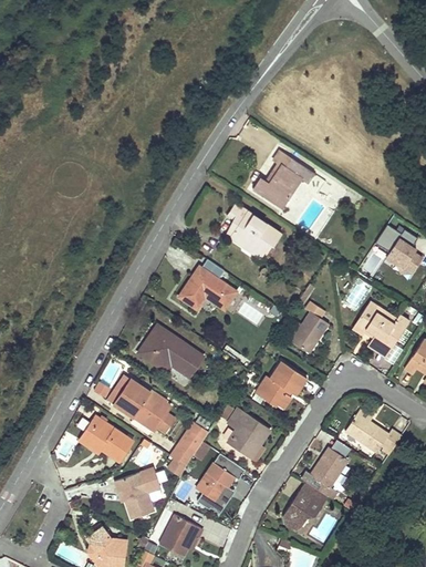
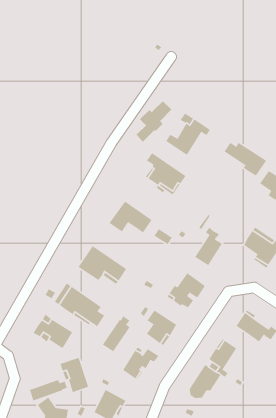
building: none -> [136,101,172,143]
building: none -> [223,142,267,177]
building: none -> [29,379,68,402]

